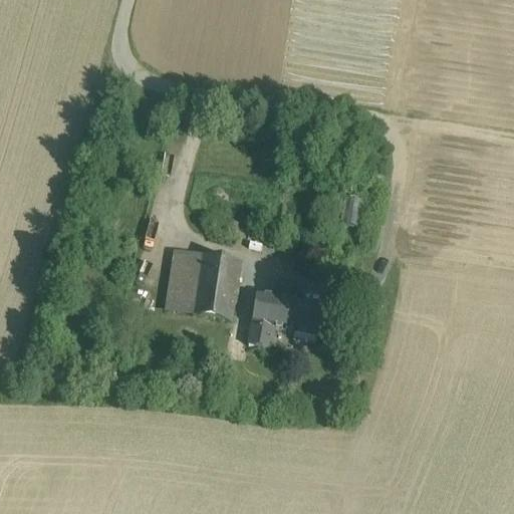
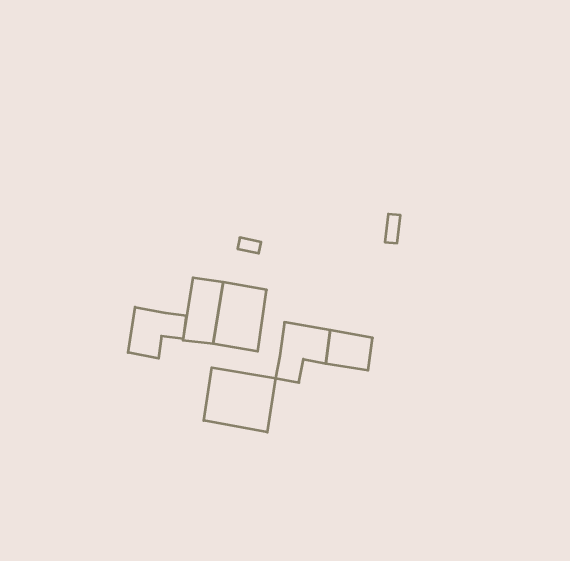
building: none -> [128,307,186,358]
building: none -> [204,368,276,432]

